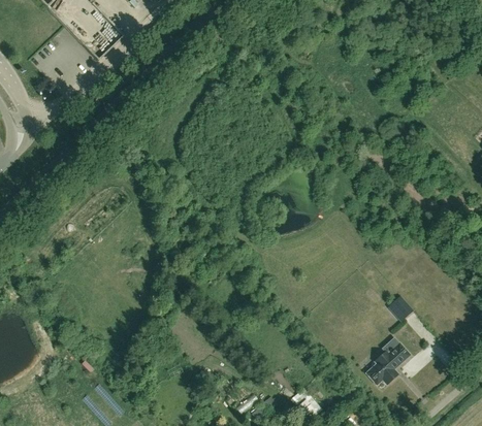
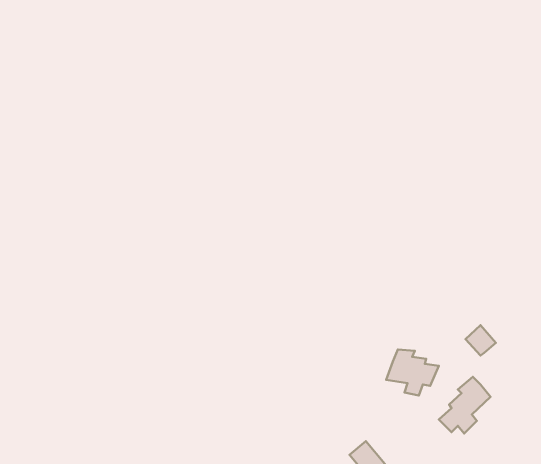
building: none -> [386,349,439,396]

